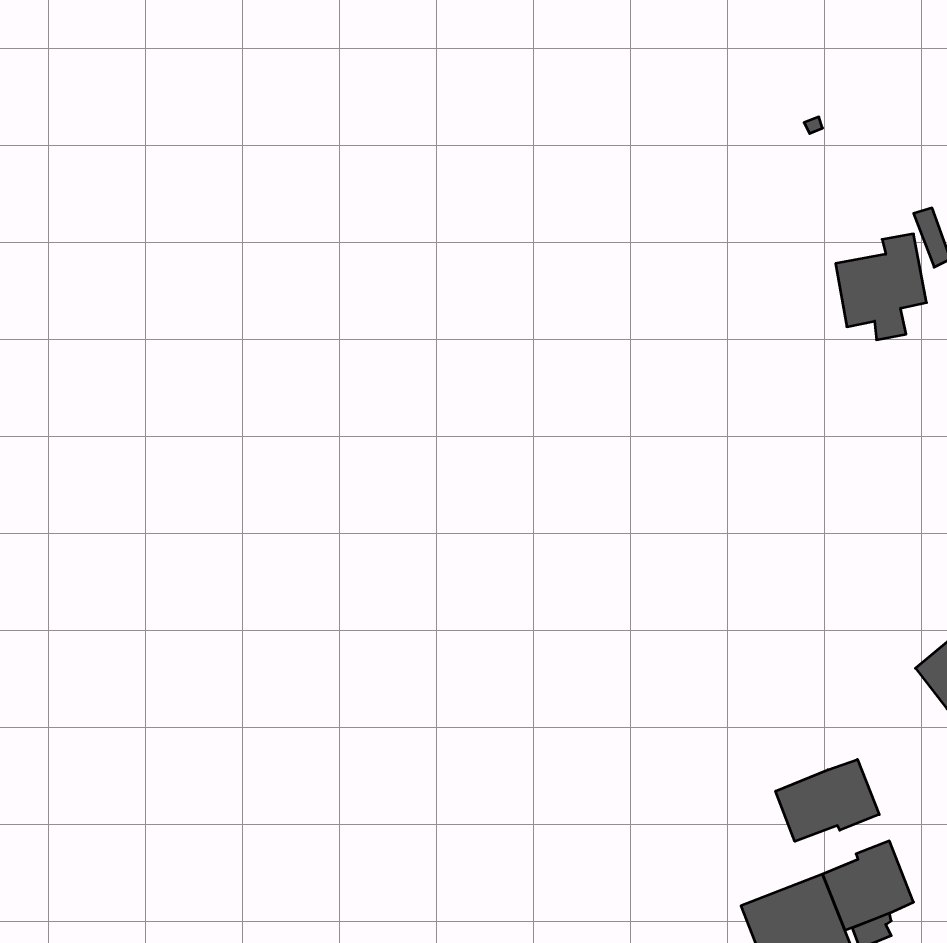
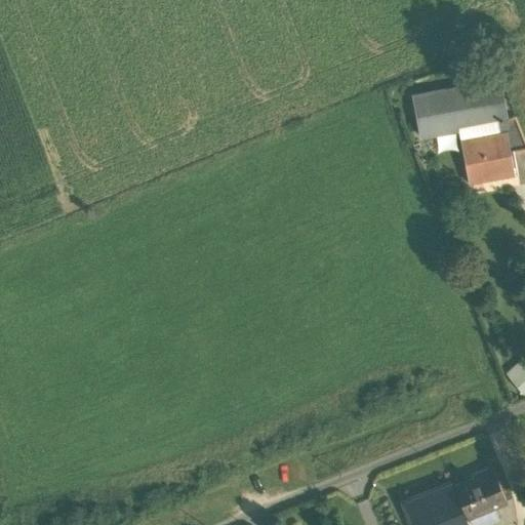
building: none -> [415,86,502,134]
building: [776,759,879,841] -> none

